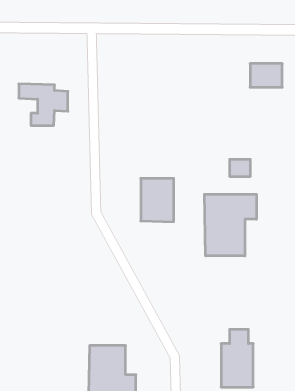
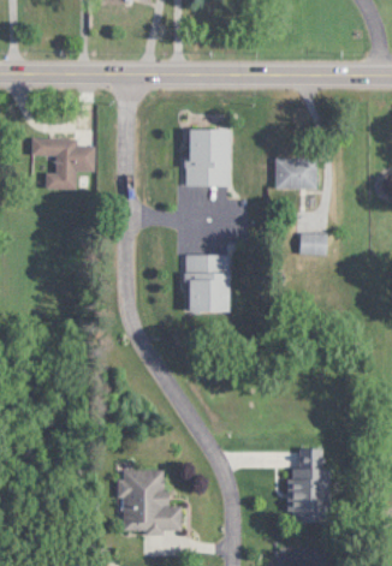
building: [250,64,282,87] -> [275,159,316,189]
building: none -> [186,130,230,186]
building: [204,194,256,256] -> none

